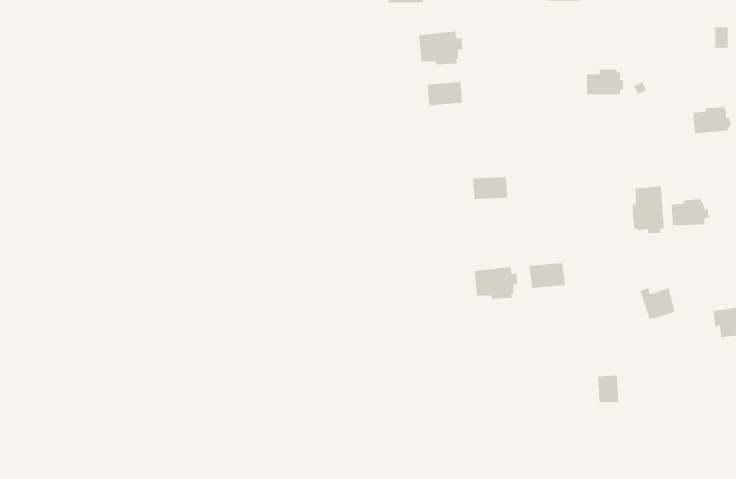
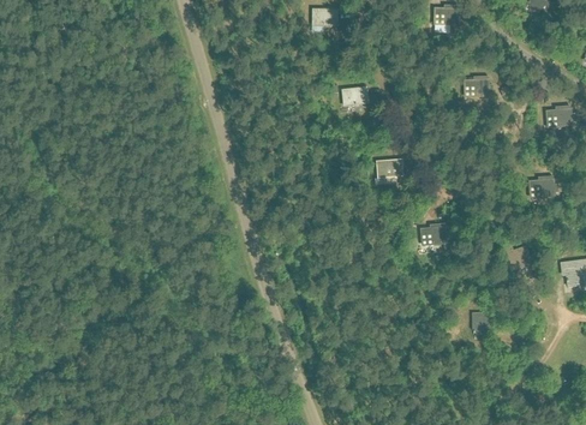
building: [418,31,463,66] -> none
building: [631,186,665,234] -> none
building: [474,266,518,300] -> none

